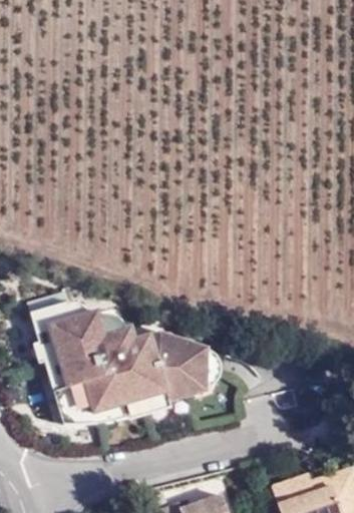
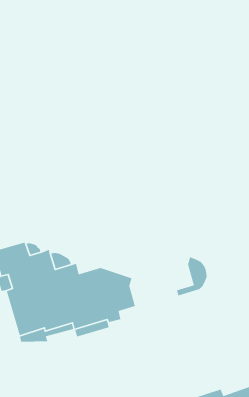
building: [181,342,219,391] -> [176,256,208,296]

